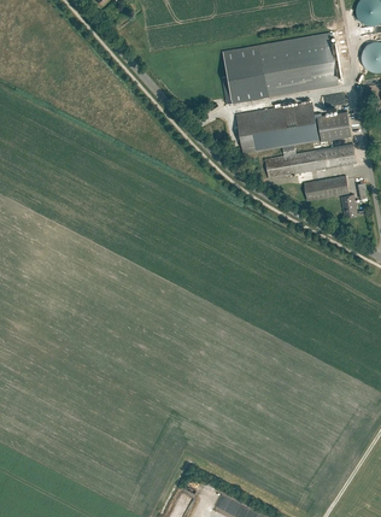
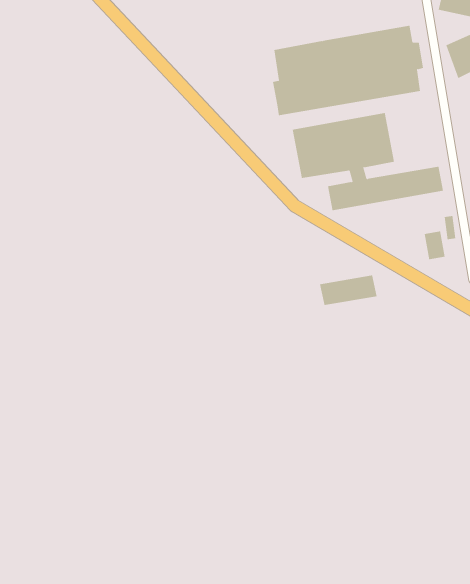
building: [317,111,352,141] -> none
building: [304,176,350,200] -> [319,275,378,306]

